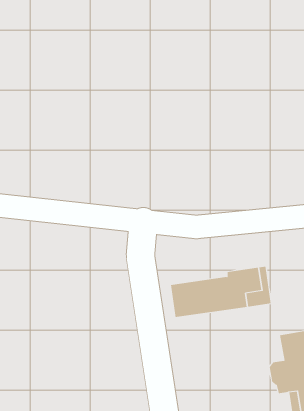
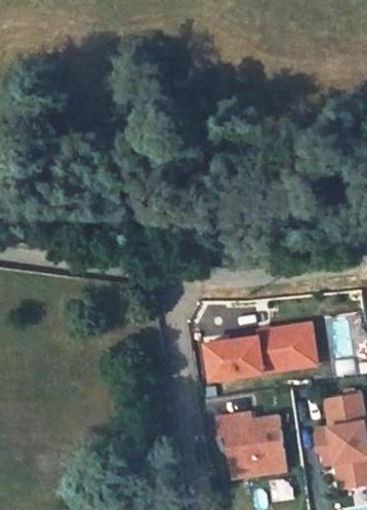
building: none -> [216,411,287,475]

